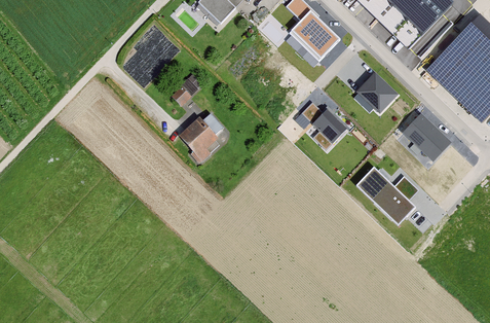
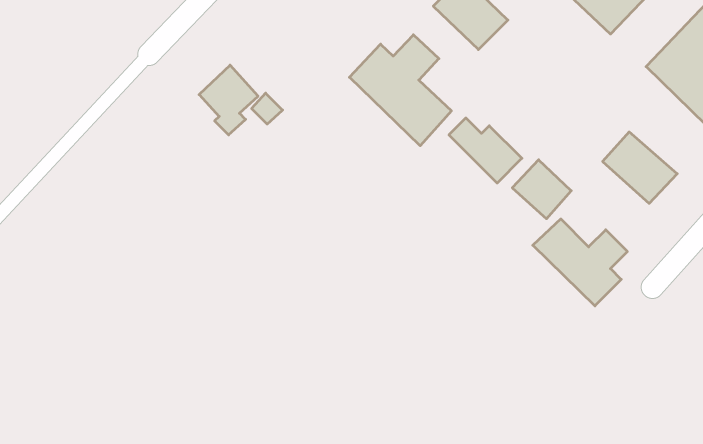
building: none -> [349,35,451,146]
building: [357,76,397,115] -> [512,160,571,219]
building: [178,118,217,165] -> [199,65,258,135]

